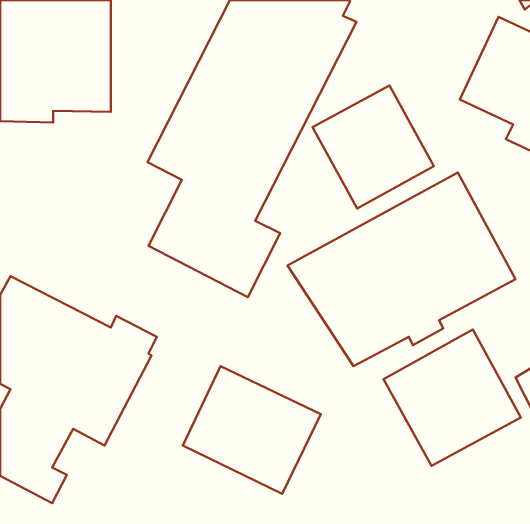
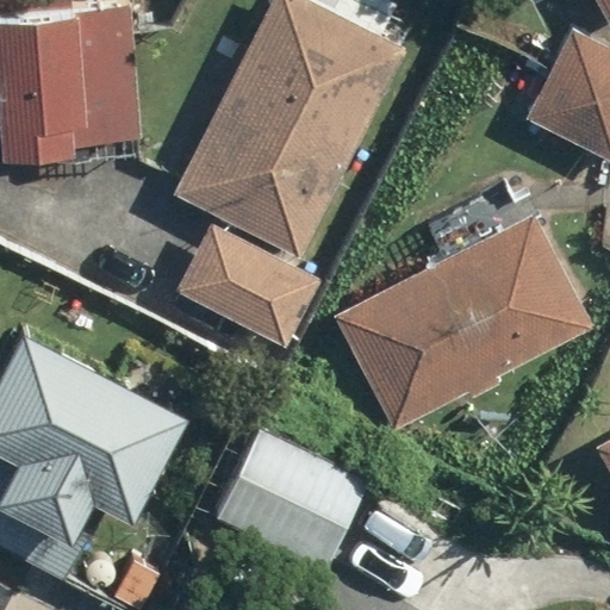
building: [313,85,434,209] -> none
building: [383,330,521,466] -> none

